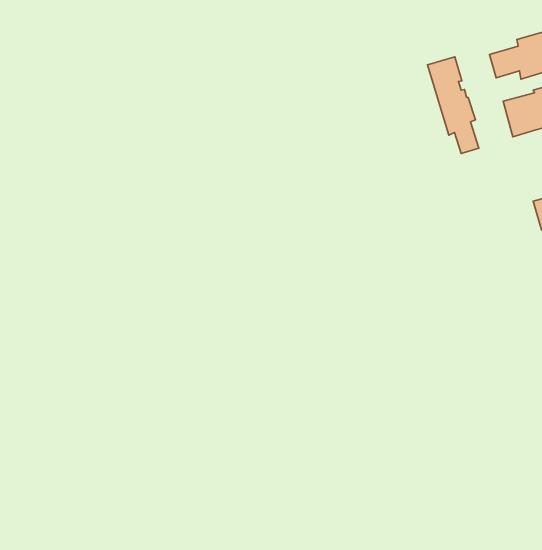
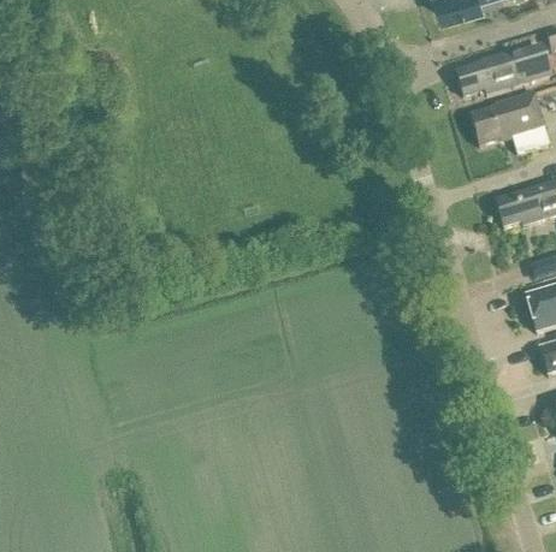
building: [428,57,479,154] -> none

